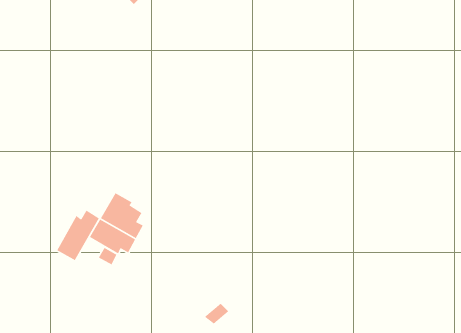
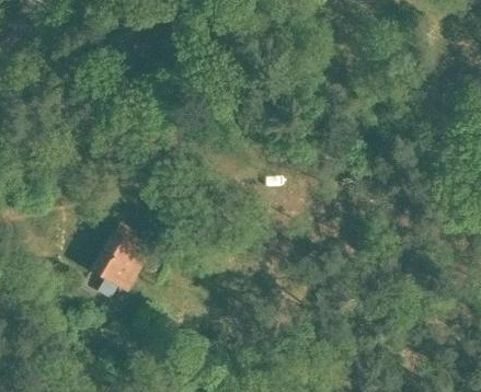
building: [56,209,100,261] -> none

